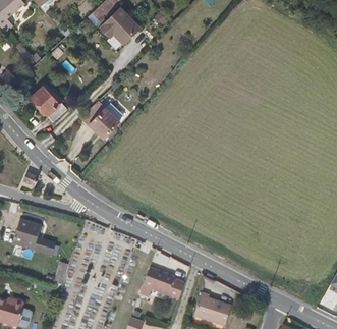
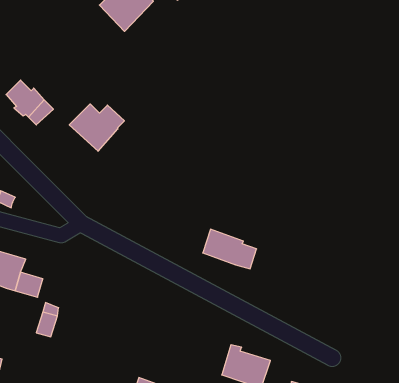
building: [142,266,183,296] -> [203,229,257,269]

